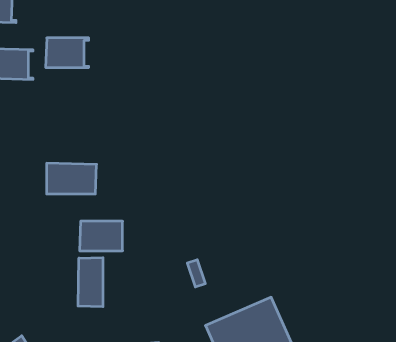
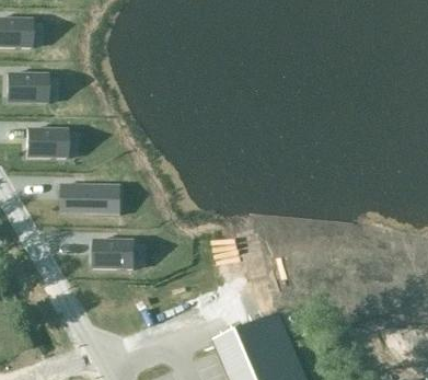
building: [46,38,89,67] -> [27,128,69,157]
building: [78,258,103,307] -> none

